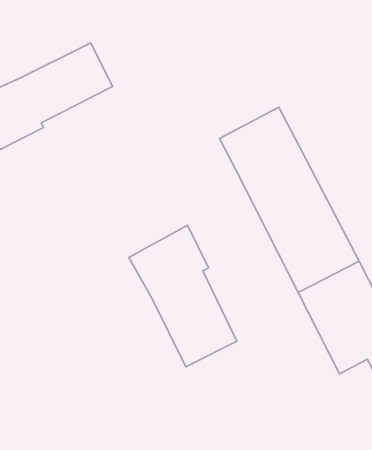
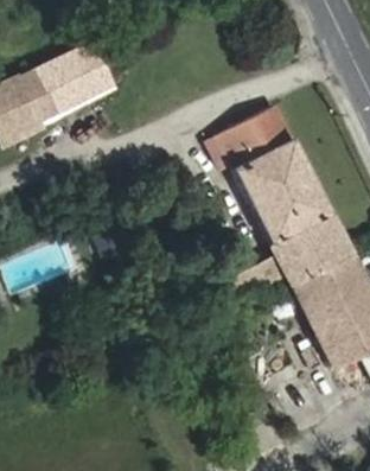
building: [129,225,237,367] -> none

